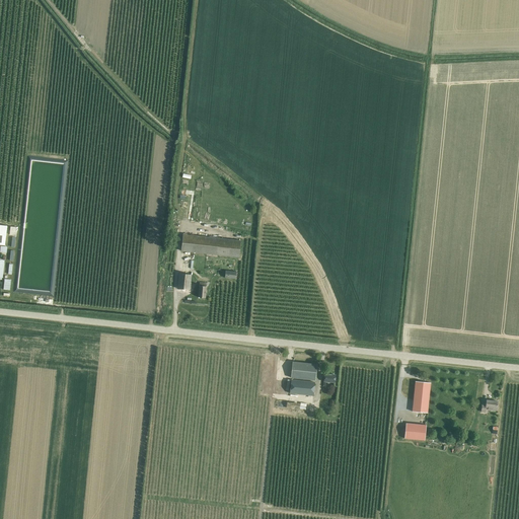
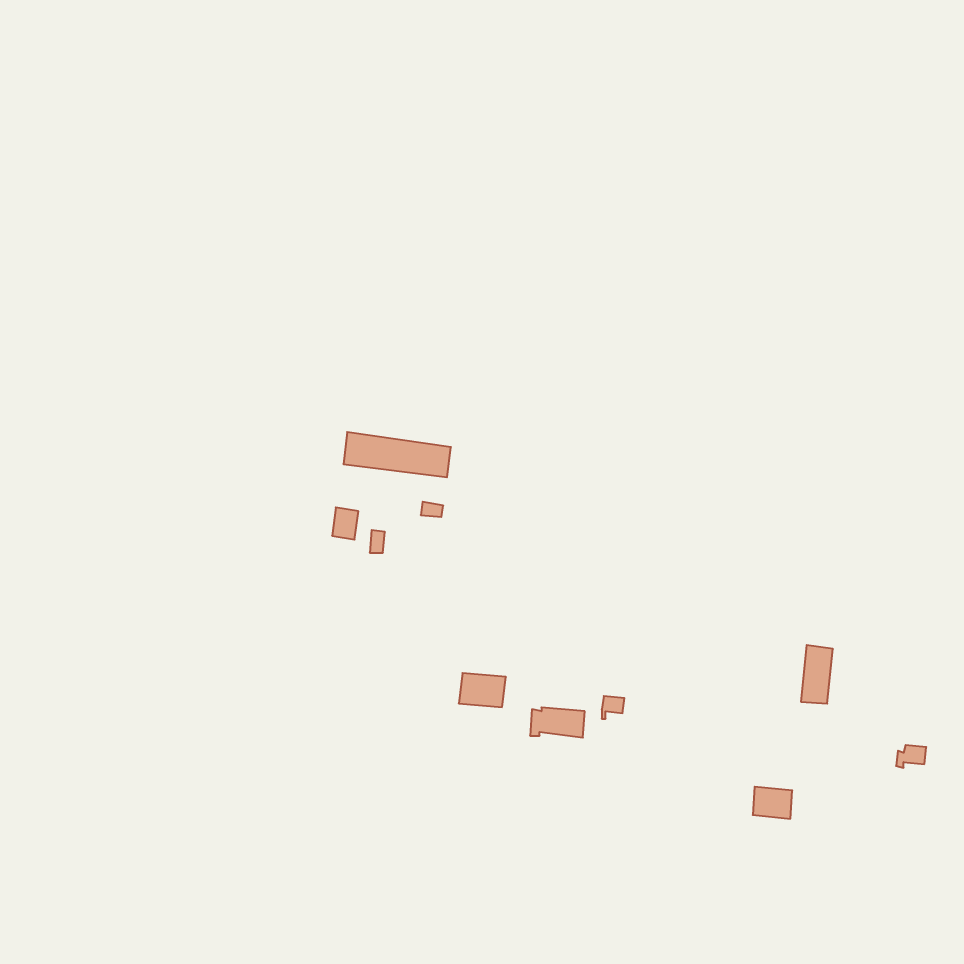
building: [291,362,316,380] -> [459,673,506,707]
building: [413,381,430,413] -> [801,645,833,704]

